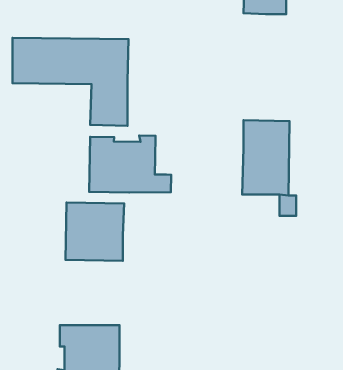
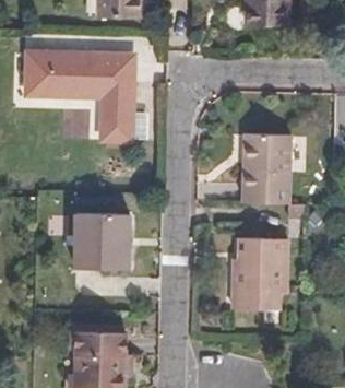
building: [89,136,171,193] -> none
building: none -> [235,237,285,322]

